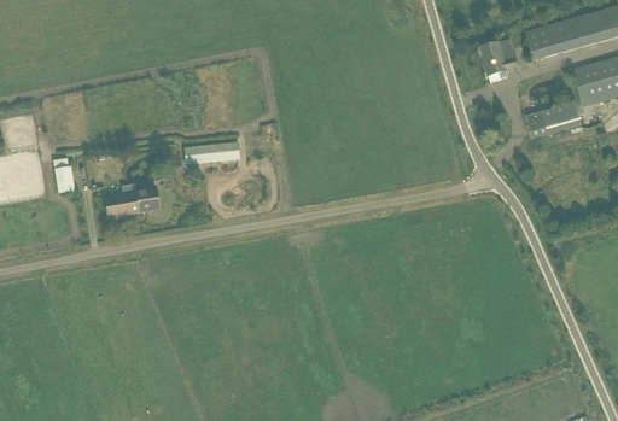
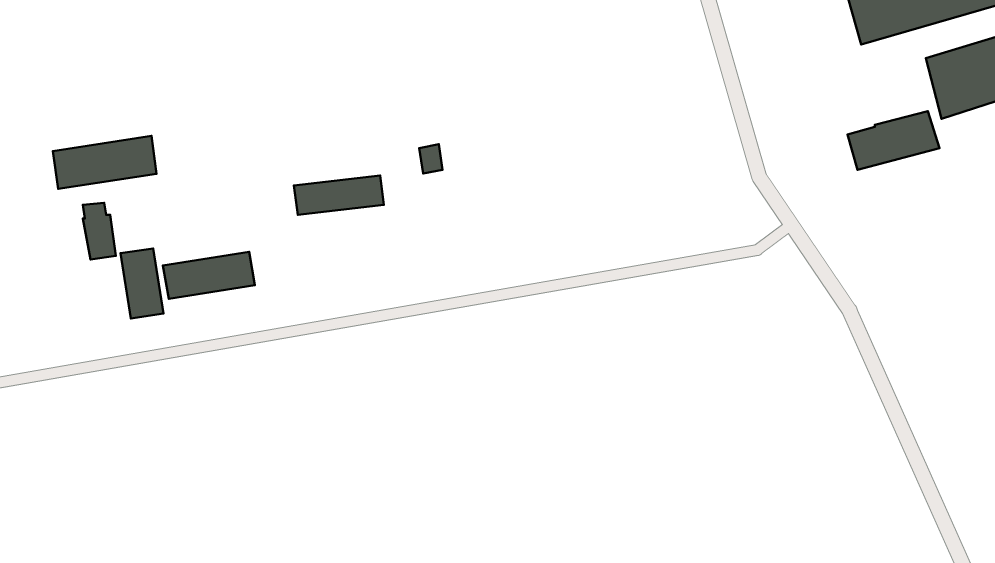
building: [480,39,517,81] -> none
building: none -> [53,136,157,189]
building: none -> [121,248,163,318]

